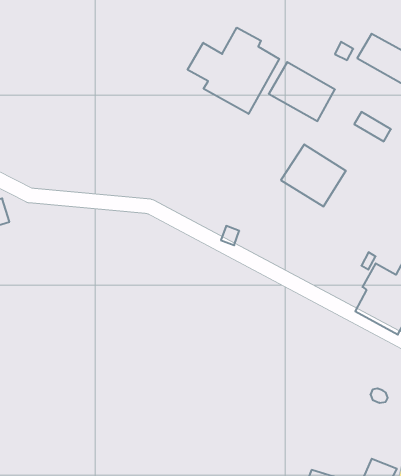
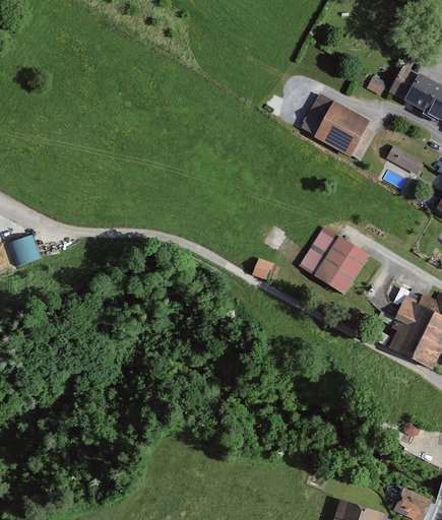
building: [188,28,279,114] -> none
building: [281,144,346,206] -> [302,230,367,291]

